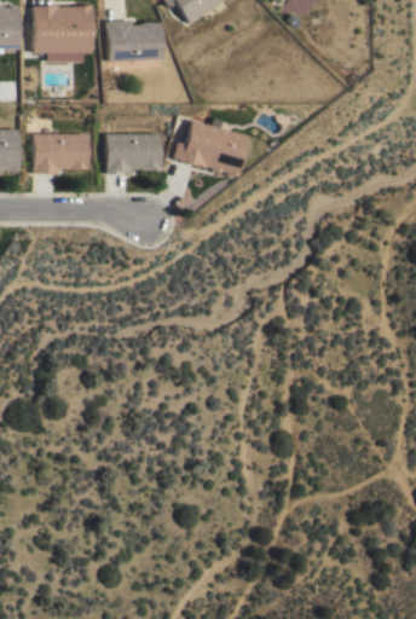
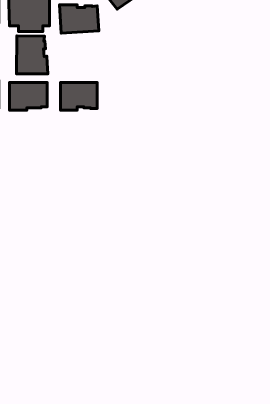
building: none -> [16,36,48,74]
building: [174,121,248,178] -> none

